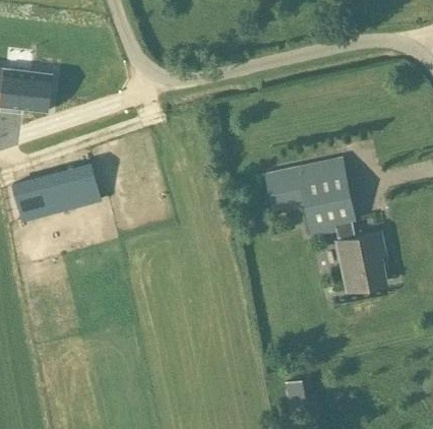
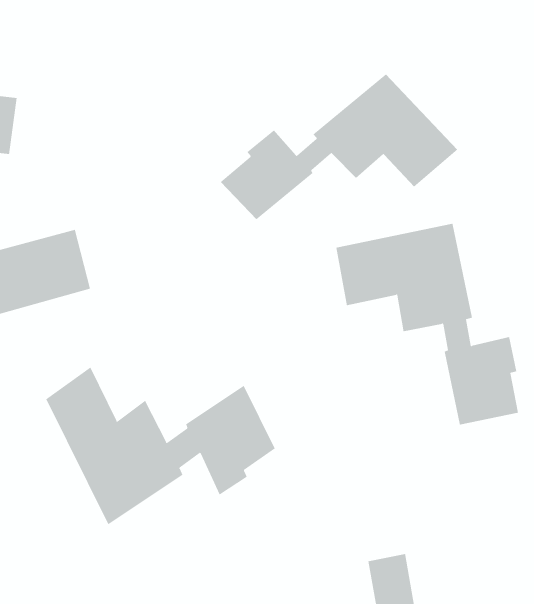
building: none -> [220,74,458,220]
building: none -> [45,366,276,525]

